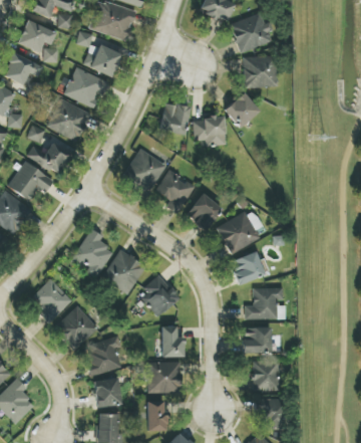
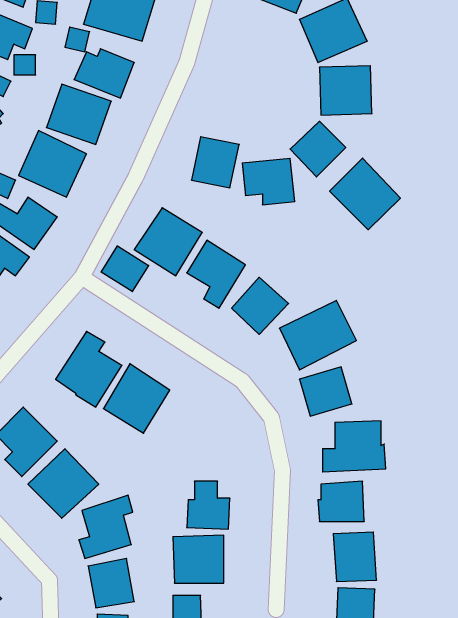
building: none -> [330,158,400,230]
building: none -> [101,246,149,292]
building: [139,277,179,316] -> none

